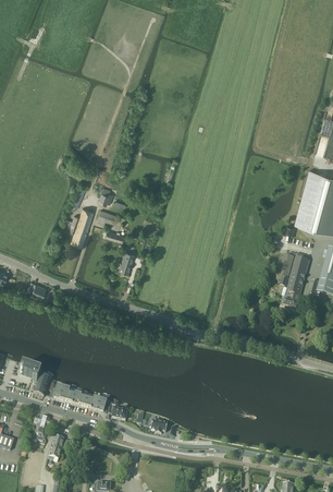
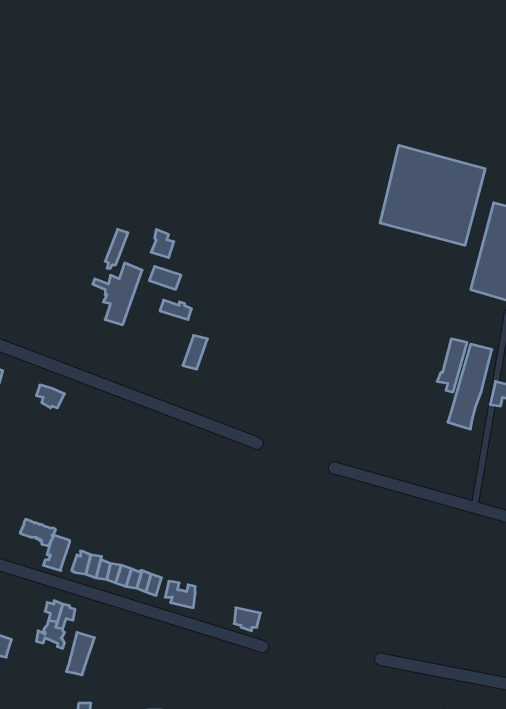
building: none -> [380,145,485,245]

